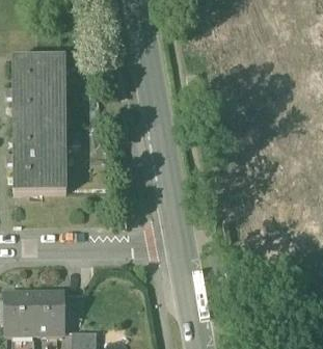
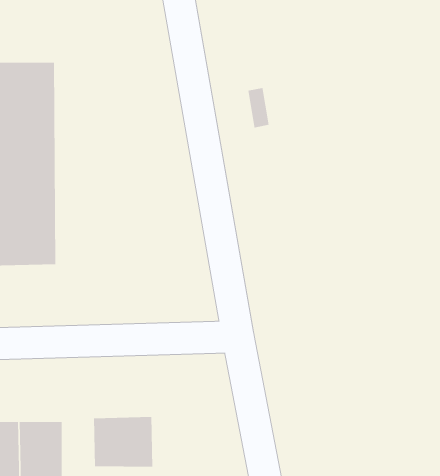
building: none -> [93,416,153,467]

